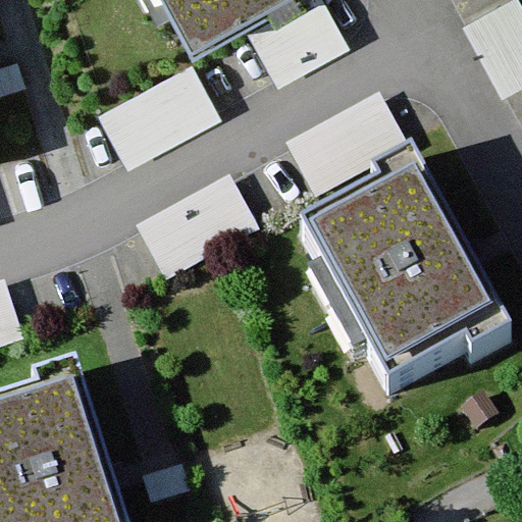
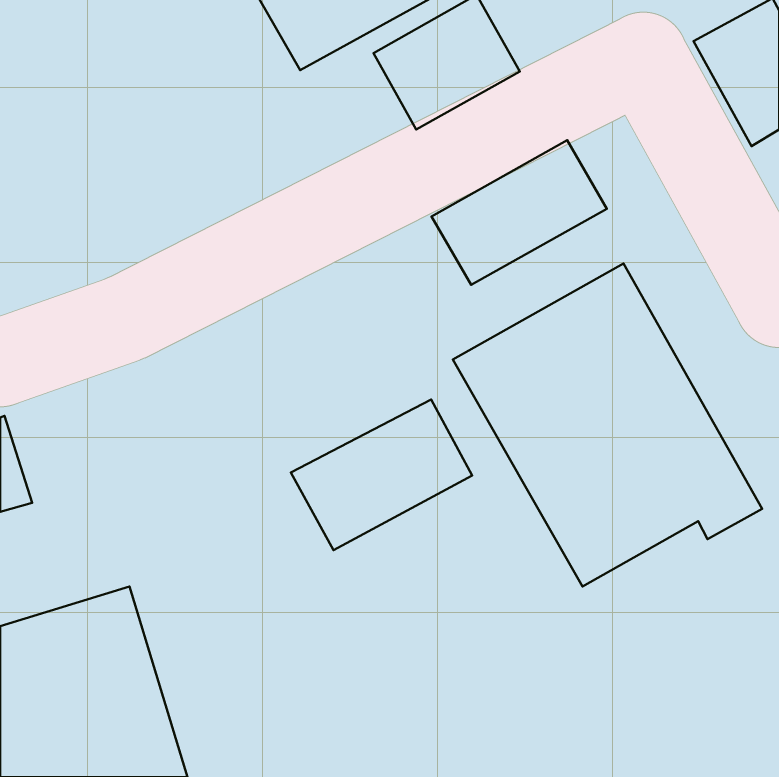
building: [99,65,220,166] -> none
building: [137,176,258,277] -> [291,399,472,550]

